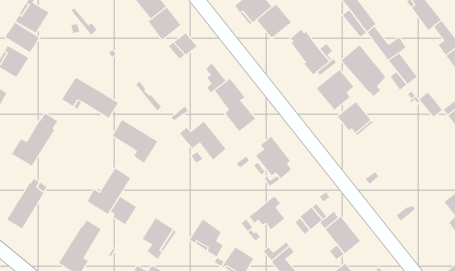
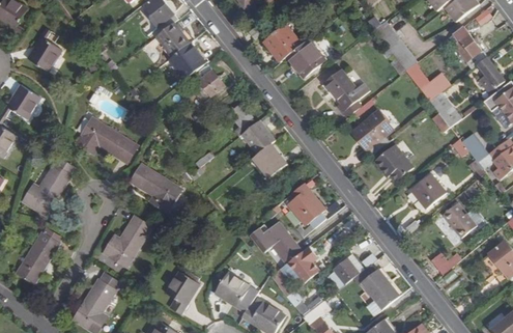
building: [5,22,40,53] -> none
building: [340,45,387,97] -> none
building: [179,121,226,160] -> [250,221,301,263]
building: none -> [410,172,447,209]
building: none -> [444,203,476,237]
building: [110,196,137,225] -> none

